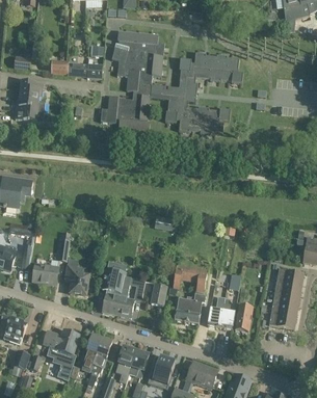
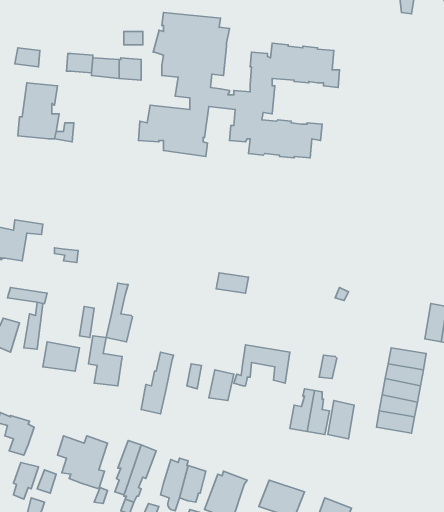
building: [115,275,134,317] -> [106,283,132,342]
building: [174,291,205,323] -> none

